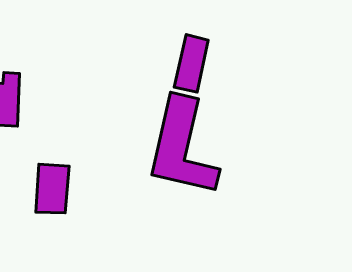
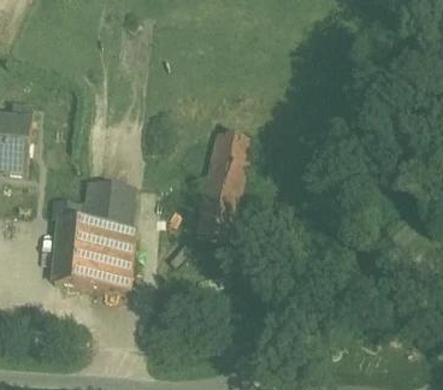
building: [174,34,208,92] -> none
building: none -> [88,178,142,282]

